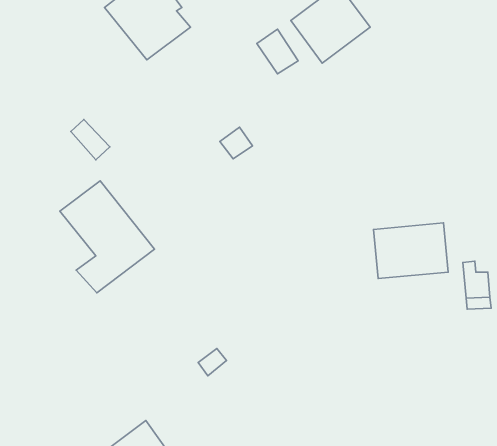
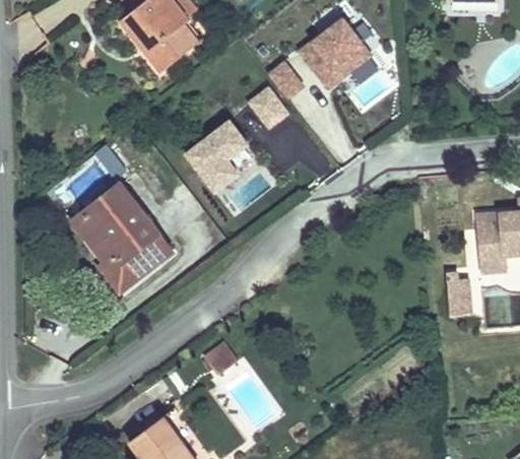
building: none -> [243,78,287,124]
building: none -> [178,112,248,195]
building: [373,223,448,278] -> none

